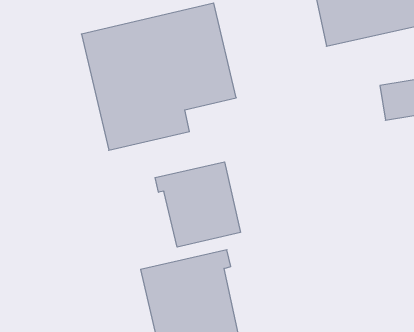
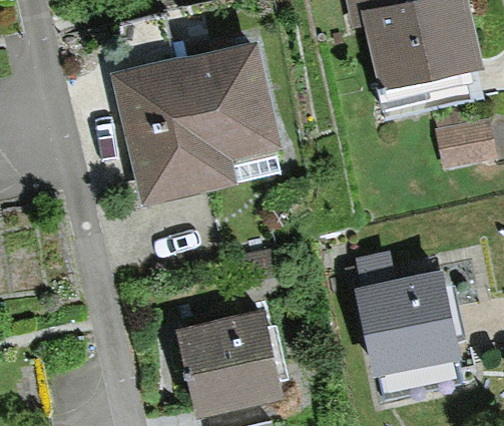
building: [155,162,240,247] -> none
building: none -> [355,274,463,376]

